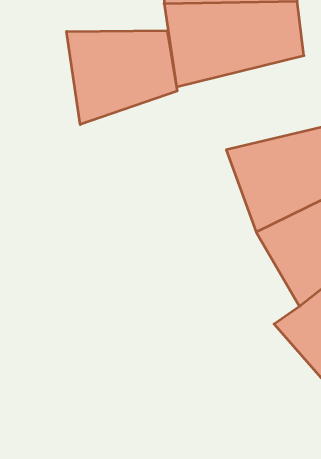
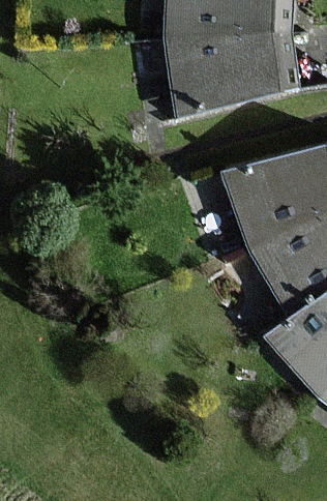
building: [67,31,177,125] -> none

